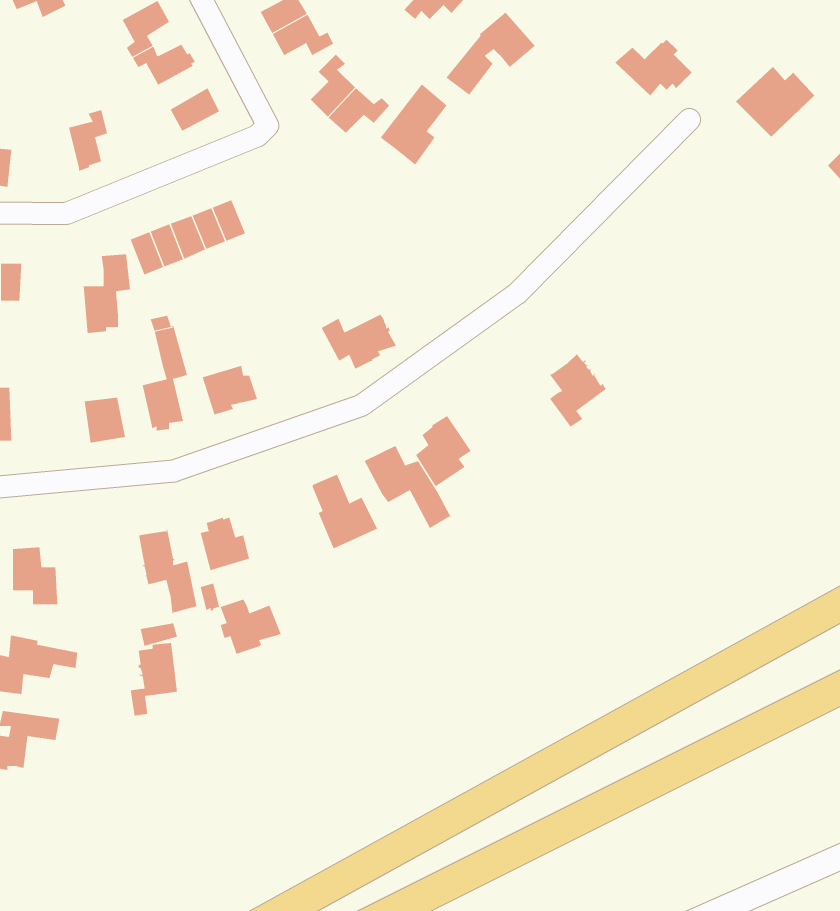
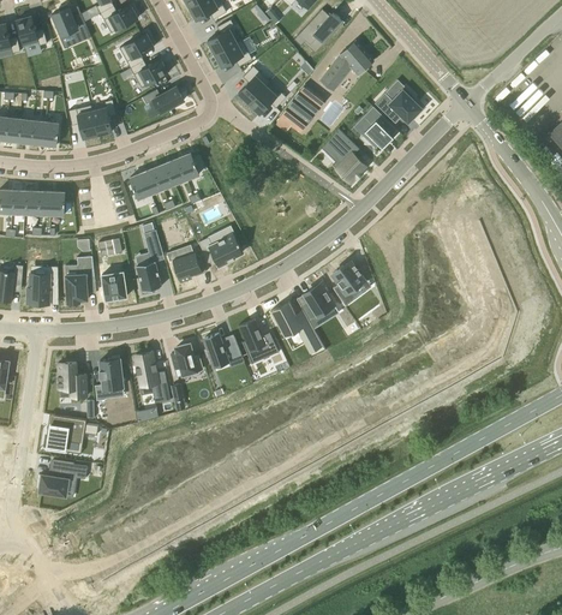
building: [615,39,692,97] -> [376,88,423,123]
building: none -> [354,107,397,149]
building: none -> [68,108,98,138]
building: none -> [321,129,365,183]
building: [83,254,131,334] -> [66,256,95,304]
building: [321,314,397,370] -> [198,234,244,268]
building: [549,353,607,429] -> [333,261,367,306]
building: [220,599,282,655] -> [204,334,241,368]
building: [130,642,178,716] -> [95,357,124,401]

